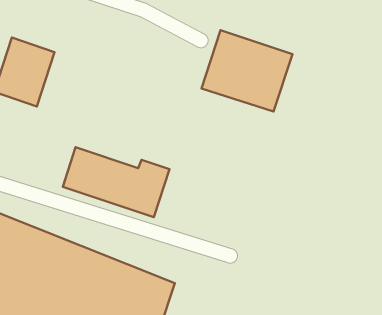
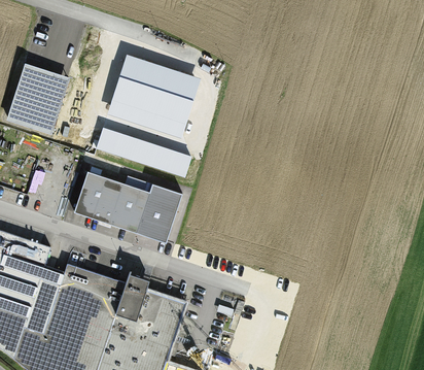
building: [202,30,292,112] -> [108,57,198,137]
building: none -> [97,130,189,176]

